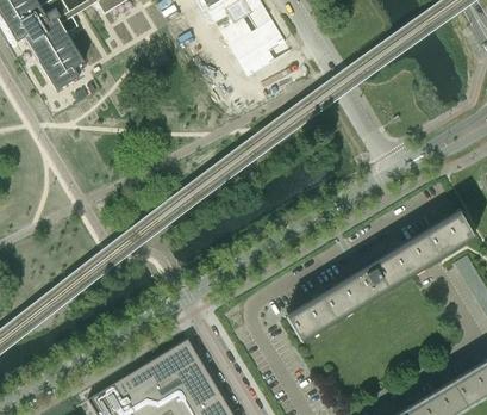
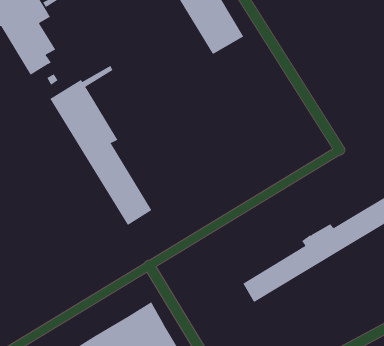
building: none -> [50,65,152,226]

